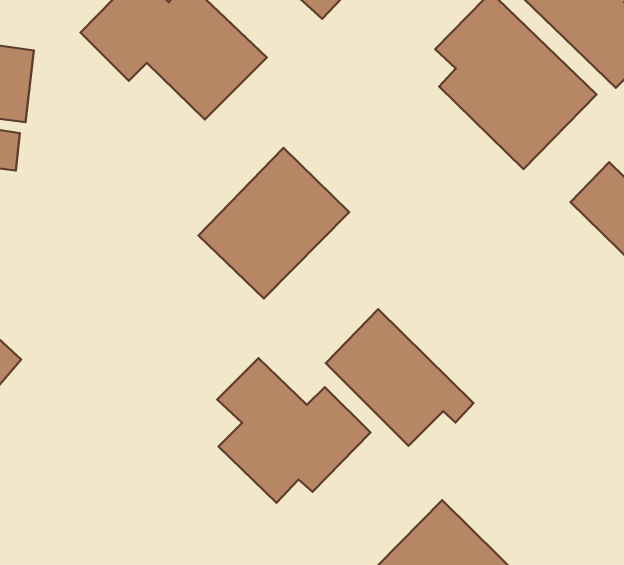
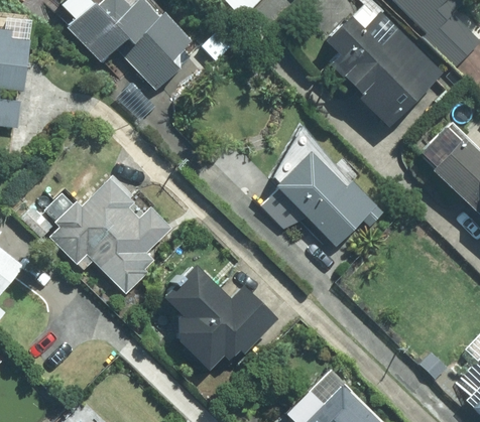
building: [199,148,349,299] -> none
building: none -> [34,178,169,294]
building: [326,309,473,446] -> [277,145,385,245]

